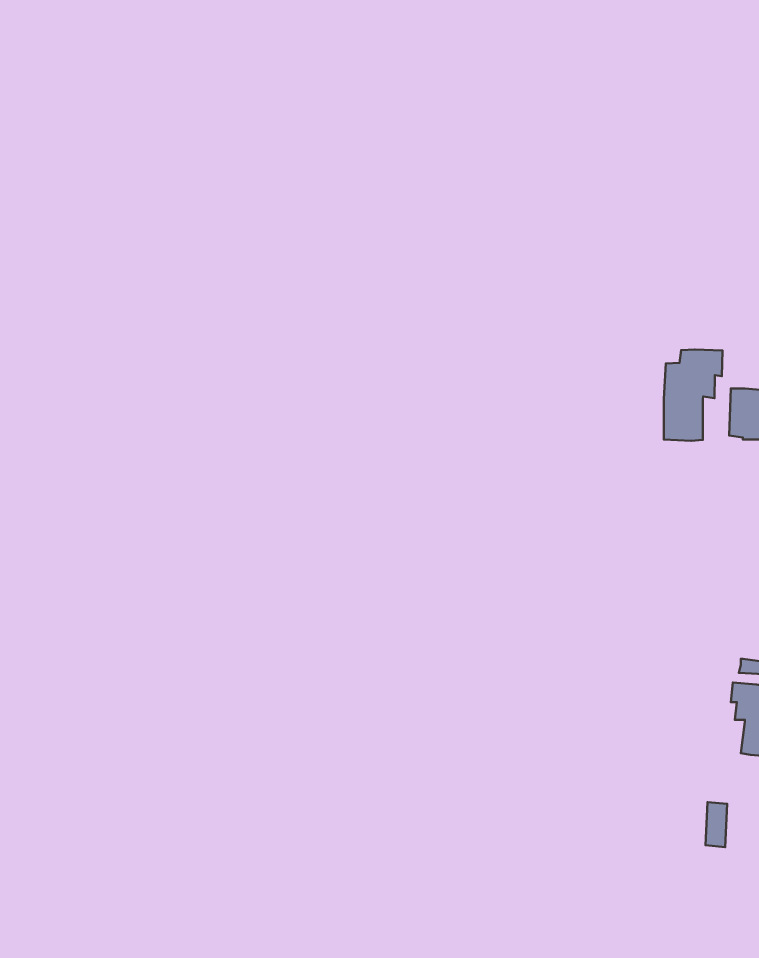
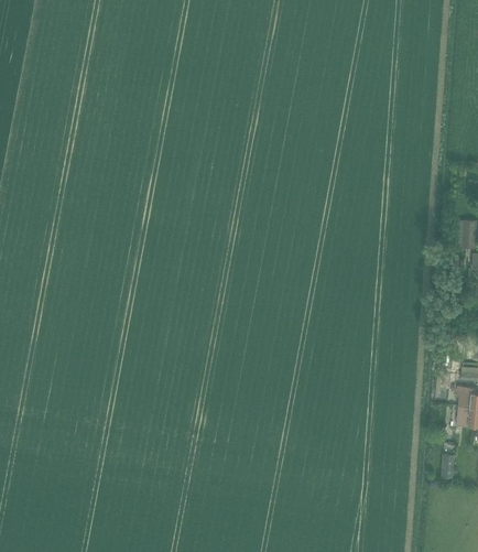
building: [664,350,722,441] -> none

